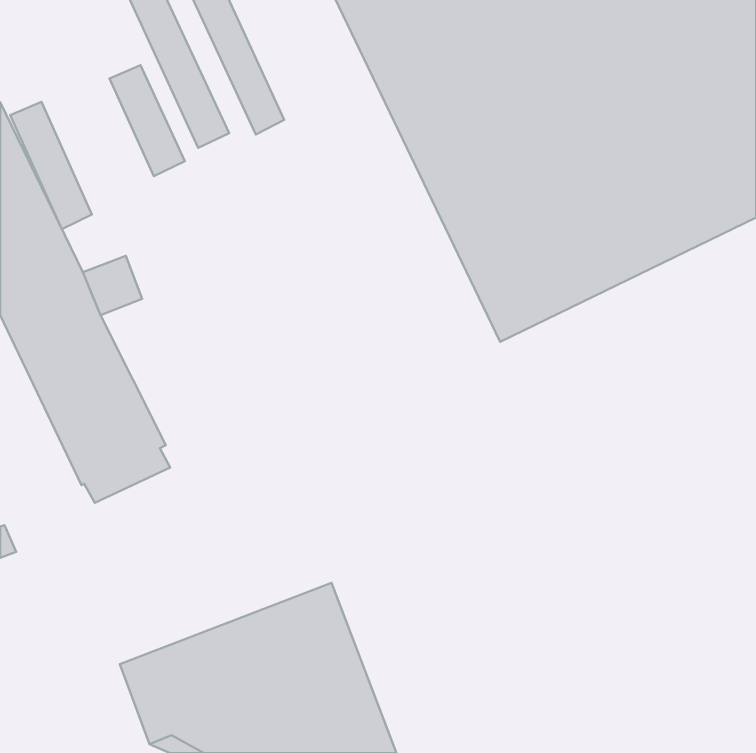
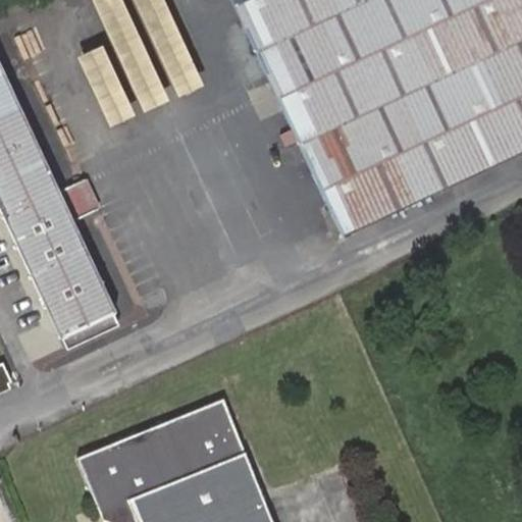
building: [10,102,92,229] -> none

